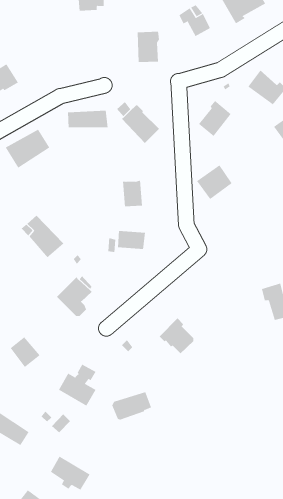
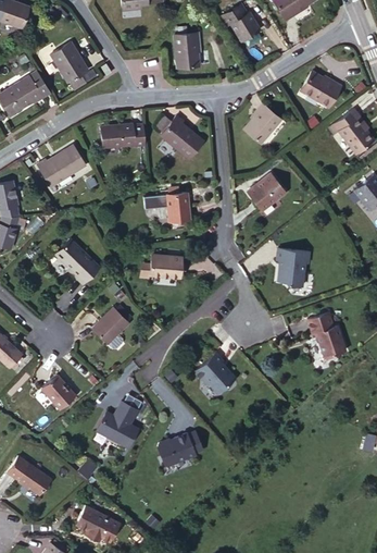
building: none -> [59,40,98,82]
building: none -> [282,247,317,285]

